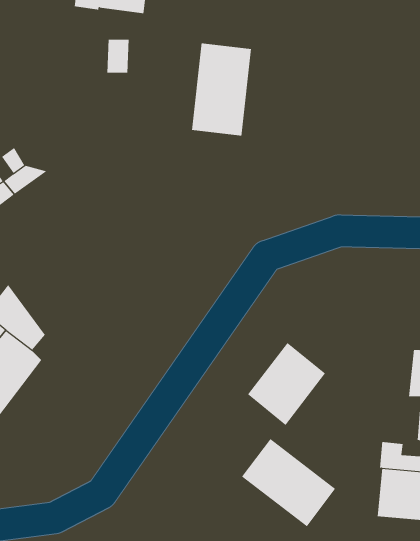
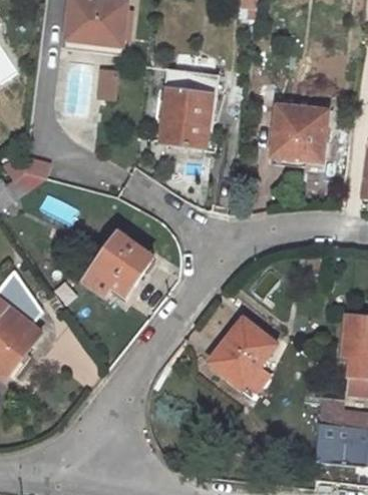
building: none -> [273,107,326,158]
building: none -> [83,230,153,295]
building: [241,438,336,527] -> none

